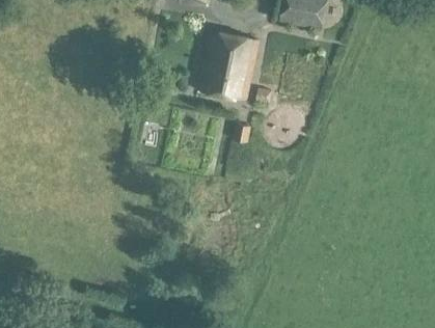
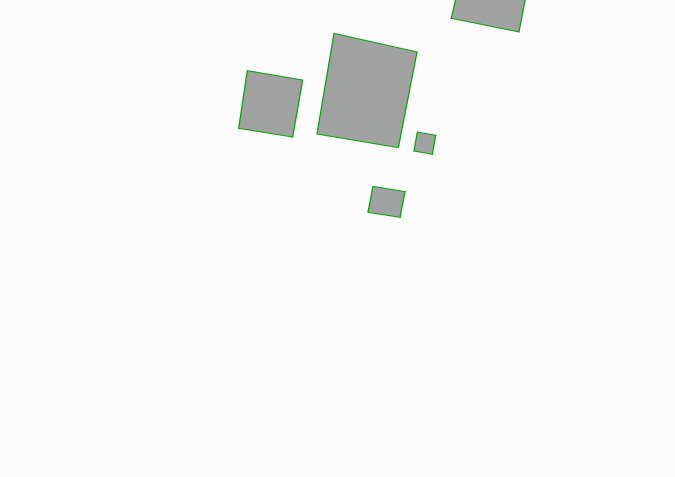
building: none -> [239,71,302,137]

